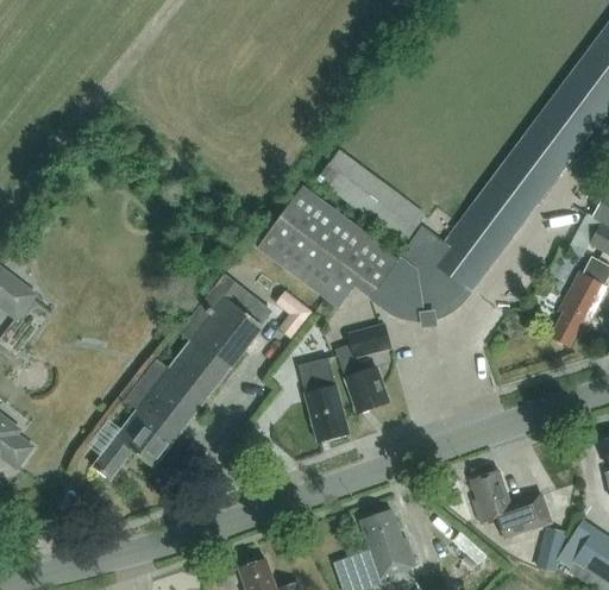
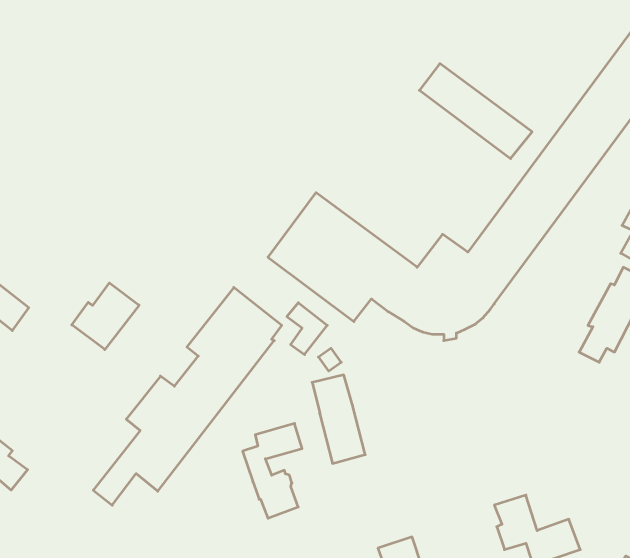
building: [319,151,425,240] -> [419,64,532,159]
building: none -> [72,283,139,350]
building: [335,322,391,412] -> [243,423,302,518]

